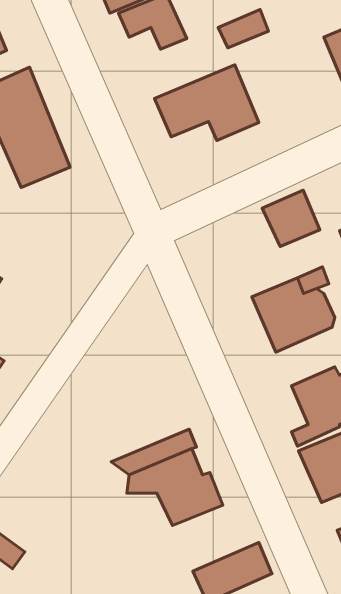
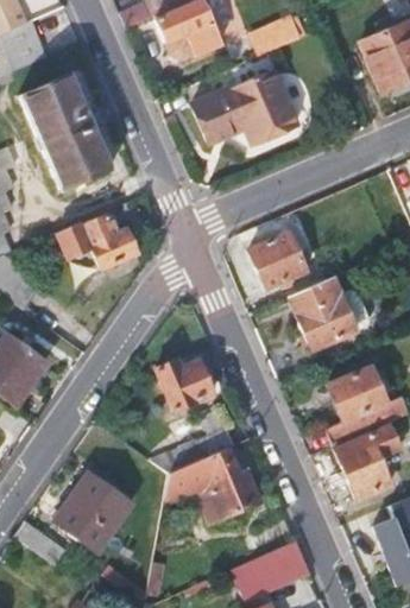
building: [262,190,320,247] -> [250,233,307,289]
building: none -> [57,213,135,266]
building: none -> [154,359,213,412]
building: none -> [52,473,130,552]

